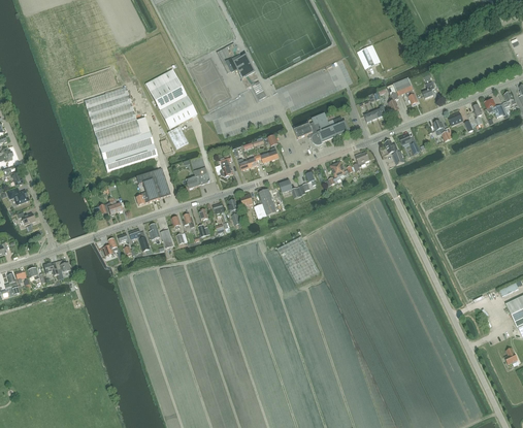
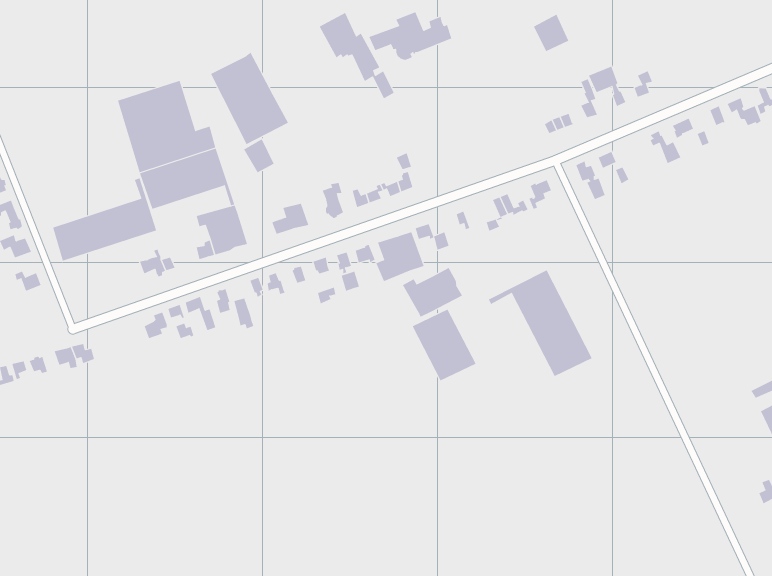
building: [294,112,349,144] -> [369,12,452,60]
building: none -> [52,178,157,262]
building: none -> [402,267,463,317]
building: none -> [488,270,592,377]

